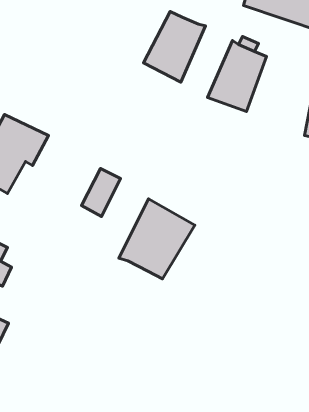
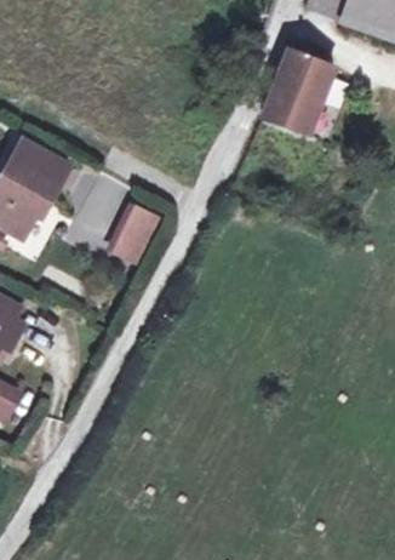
building: [143,12,205,82] -> none
building: [119,199,195,279] -> none

